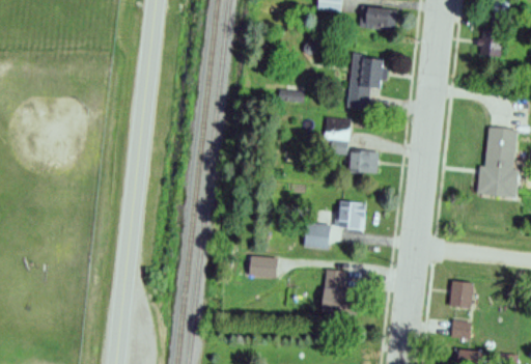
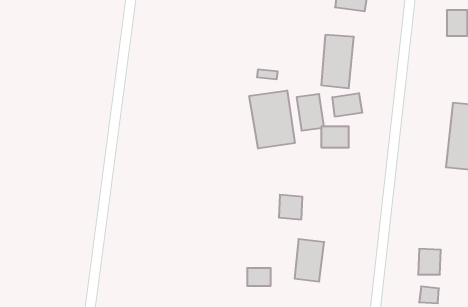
building: none -> [249,90,295,149]
building: none -> [332,93,362,117]
building: [337,202,365,229] -> none
building: [250,258,275,277] -> [247,268,271,286]

